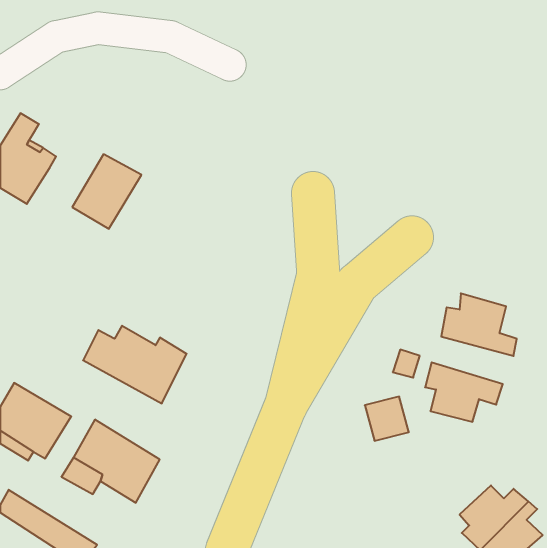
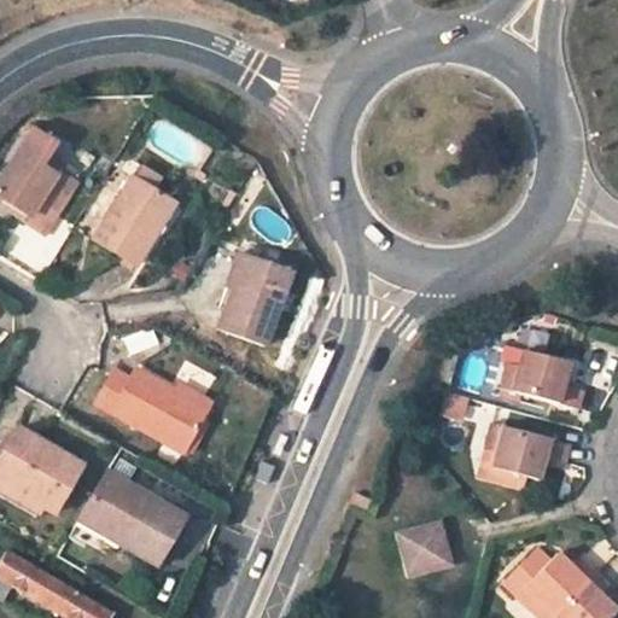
building: none -> [227,257,292,342]
building: [365,397,409,441] -> [401,527,450,577]

